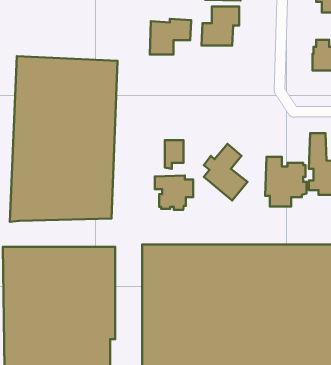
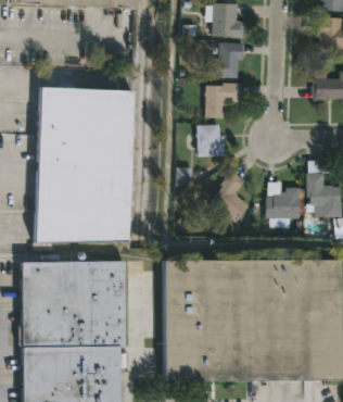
building: [150,19,191,54] -> [204,83,242,115]
building: none -> [199,124,226,156]
building: [155,175,193,210] -> none

